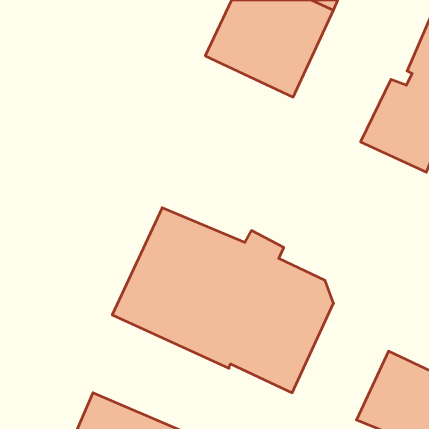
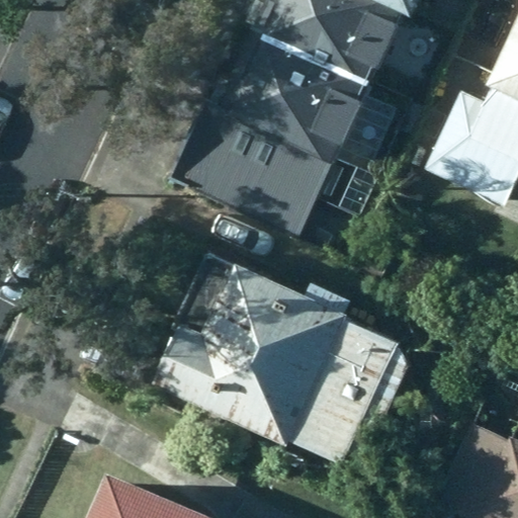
building: none -> [182,70,354,227]

